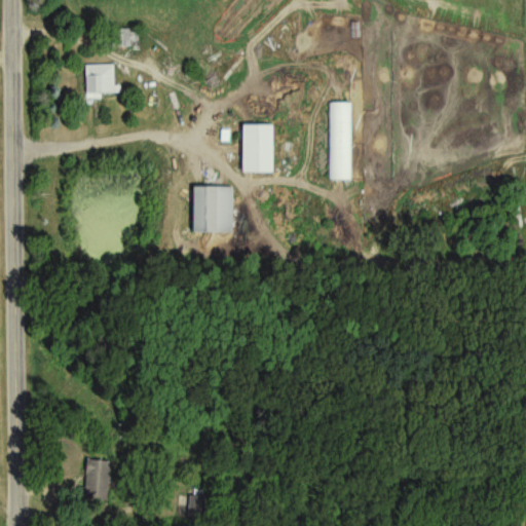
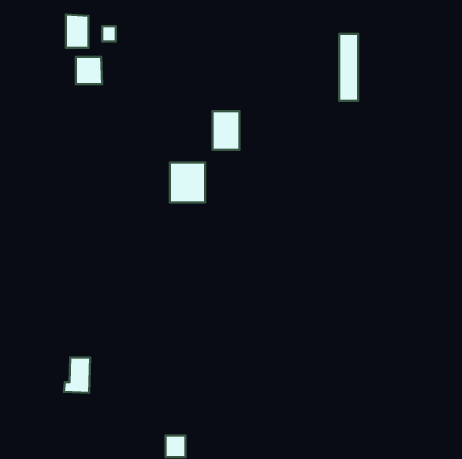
building: none -> [66,15,89,48]
building: [330,103,351,179] -> [339,34,358,101]
building: [79,459,109,499] -> [64,358,90,393]

